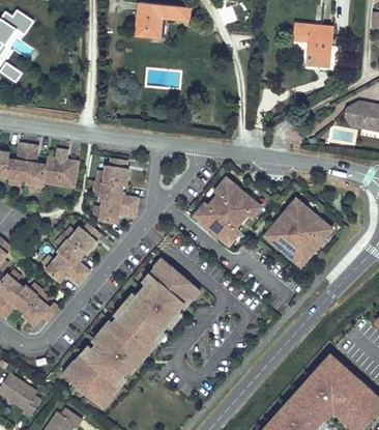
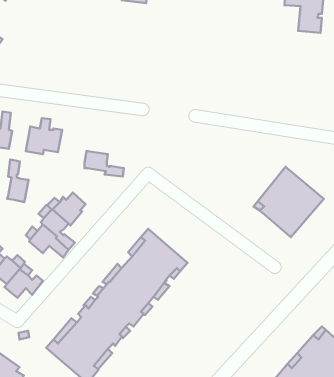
building: [25,145,46,187] -> [7,160,28,202]
building: [103,157,128,185] -> none
building: [195,178,259,246] -> none
building: [99,199,137,223] -> none

